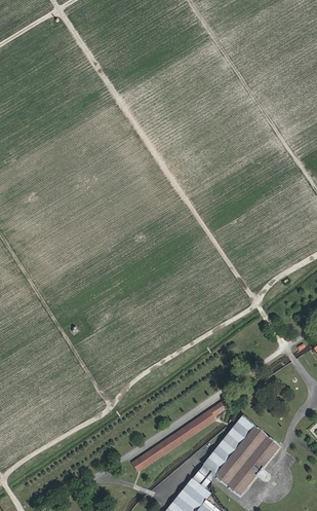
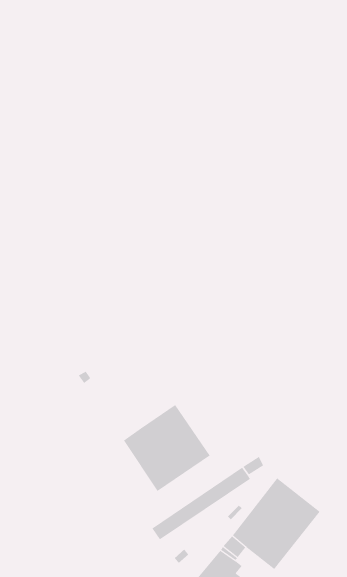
building: none -> [123,404,211,492]

